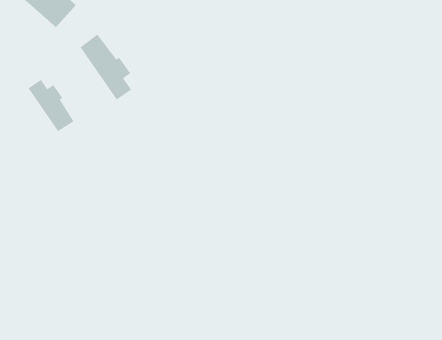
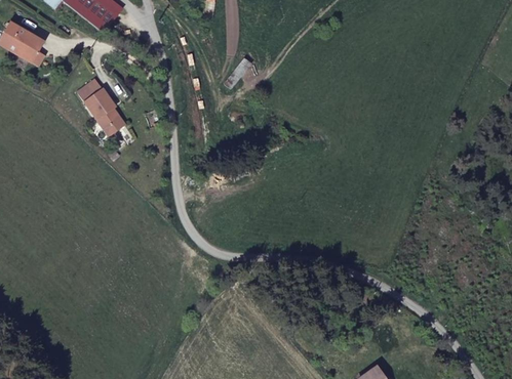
building: [80,33,132,101] -> none

